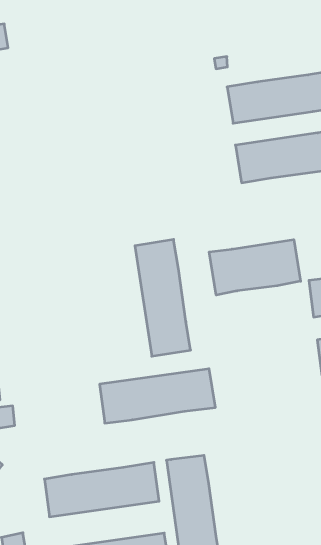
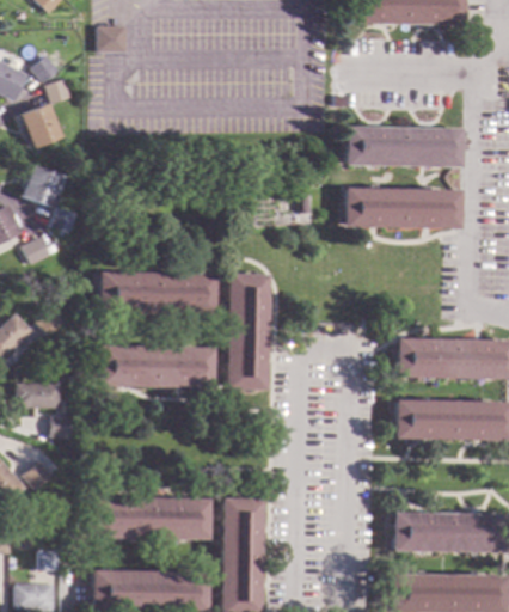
building: [209,240,301,295] -> none
building: none -> [99,273,215,314]
building: [100,369,215,423] -> [97,345,213,388]

